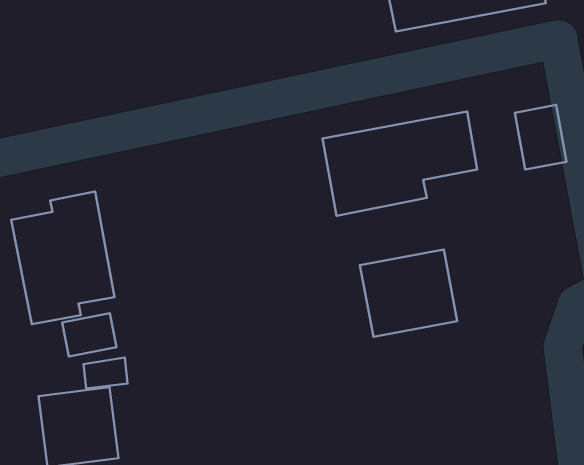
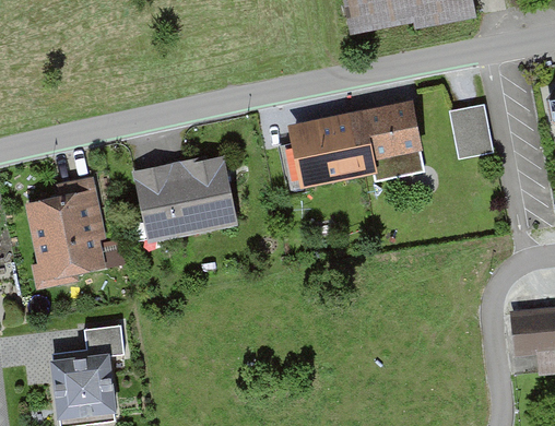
building: none -> [135,156,239,242]
building: [360,250,457,337] -> none
building: [62,313,116,356] -> none

